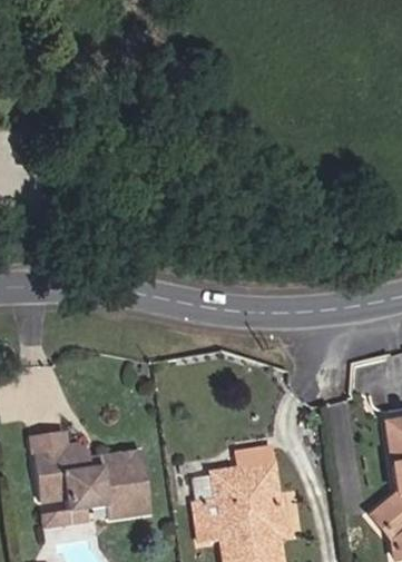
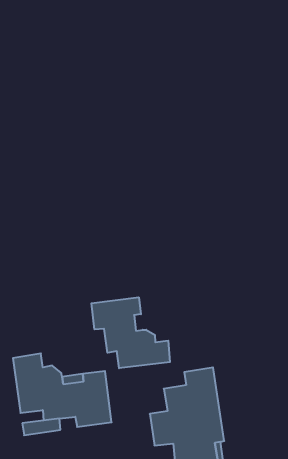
building: none -> [91,297,170,368]

